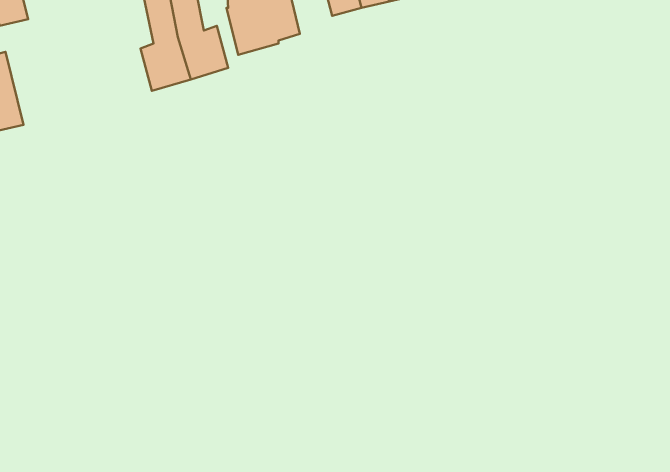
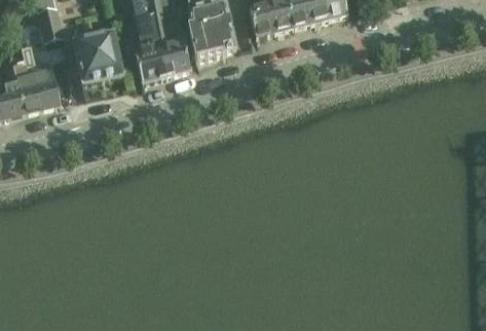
building: none -> [72,30,123,84]

